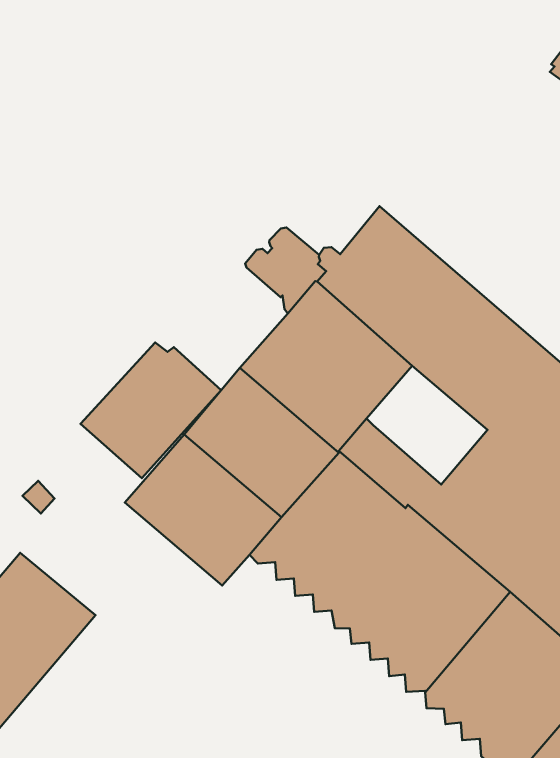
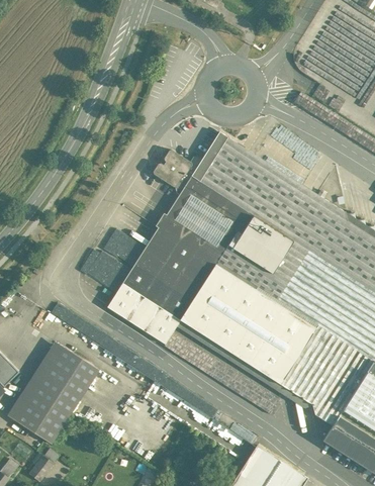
building: none -> [229,213,294,274]

